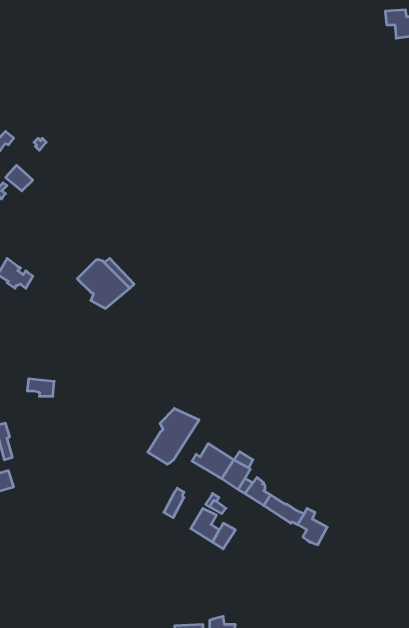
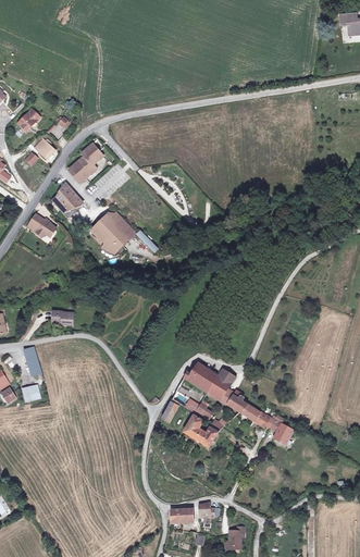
building: none -> [67,143,103,182]
building: none -> [52,185,80,212]
building: [148,408,199,464] -> none

